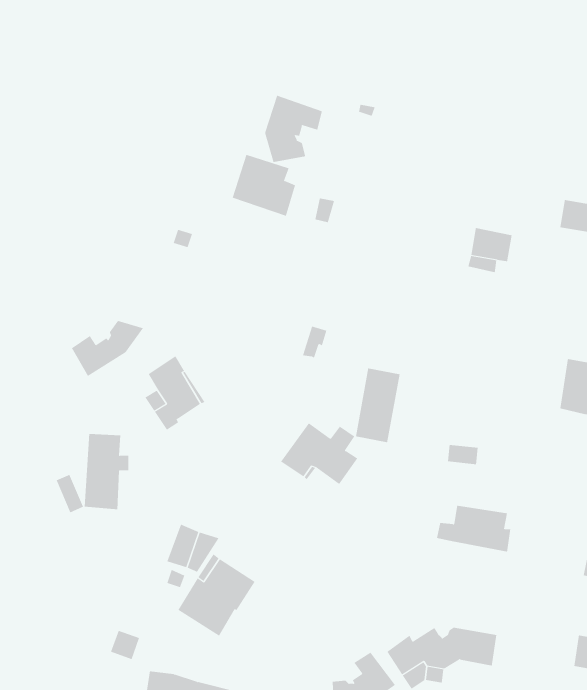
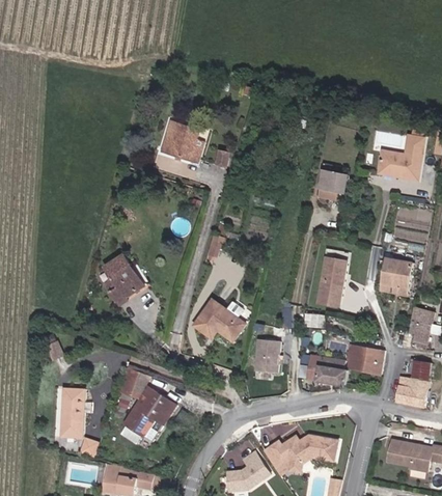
building: [265,95,322,163] -> none
building: [71,320,144,377] -> none
building: [355,368,400,443] -> [316,256,347,306]
building: [84,433,129,510] -> [60,387,90,438]
building: none -> [254,338,279,373]
building: none -> [346,343,384,376]

